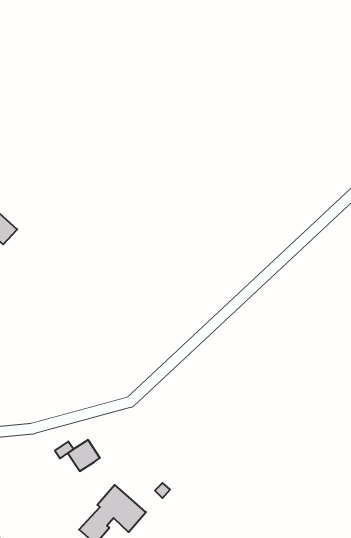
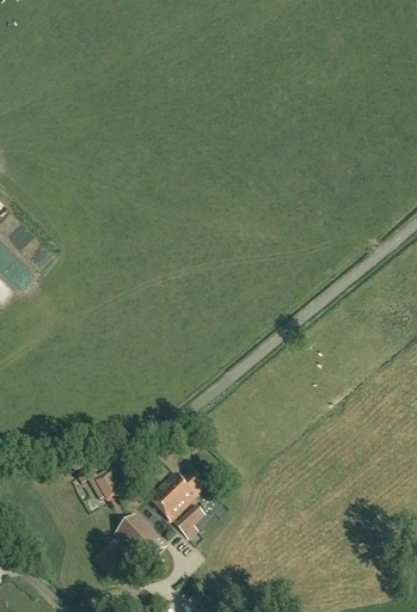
building: none -> [149,471,206,520]

